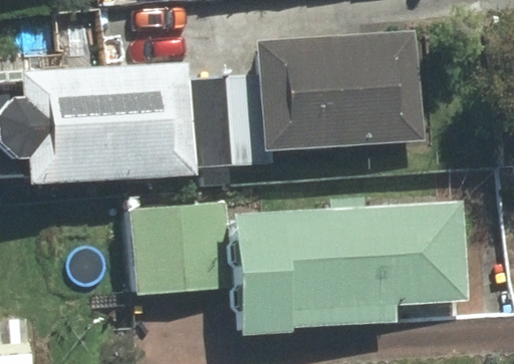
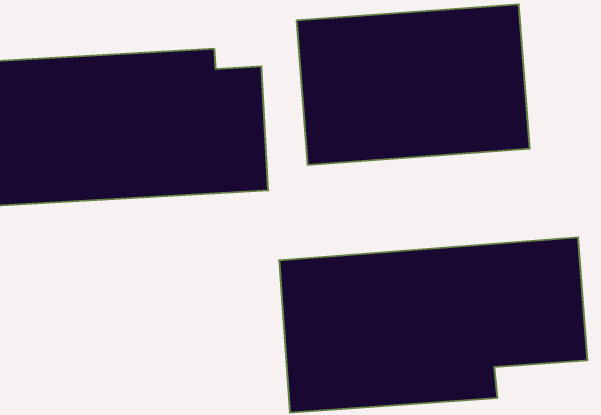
building: [132,205,232,292] -> none

